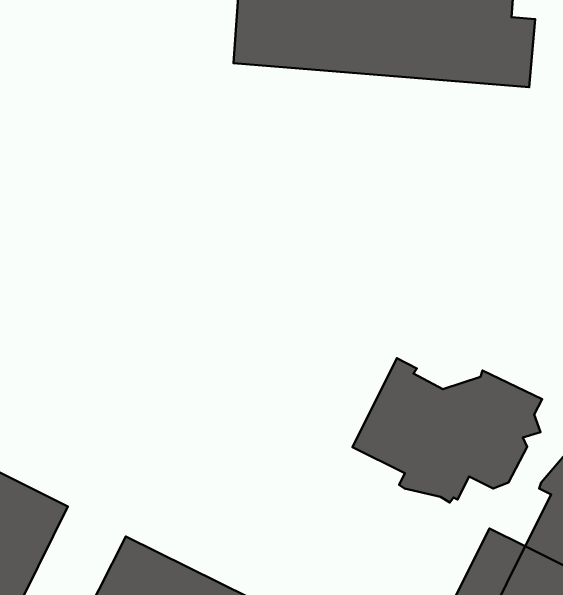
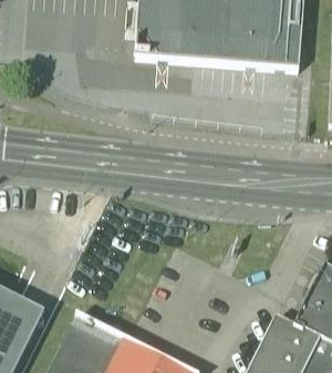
building: [352,358,542,502] -> none

